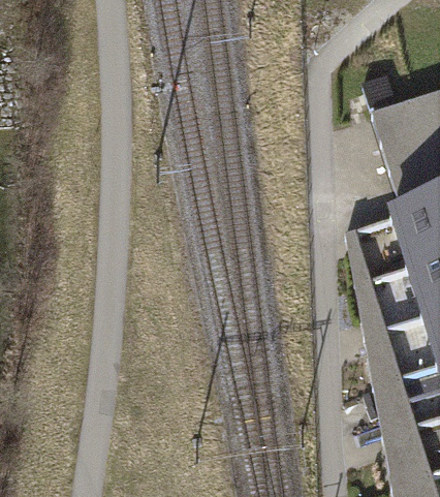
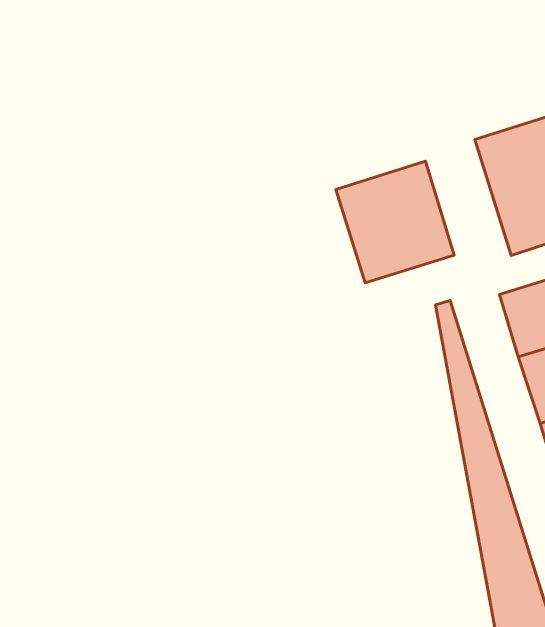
building: none -> [336,161,454,283]

